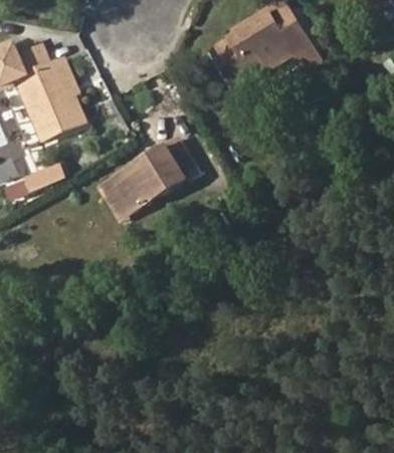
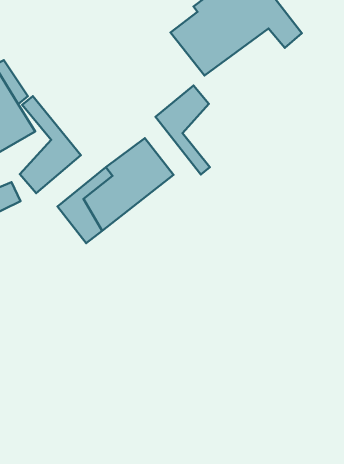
building: none -> [20,96,81,193]
building: none -> [155,86,210,175]

